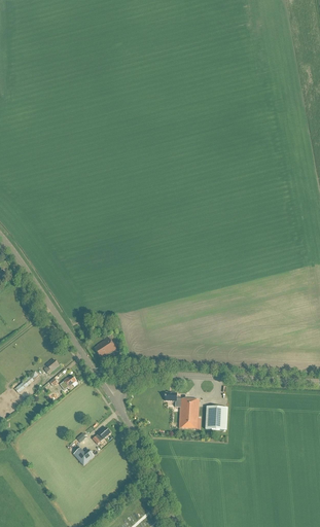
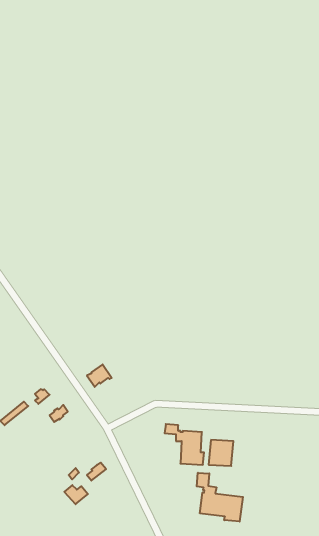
building: none -> [197,473,243,522]

